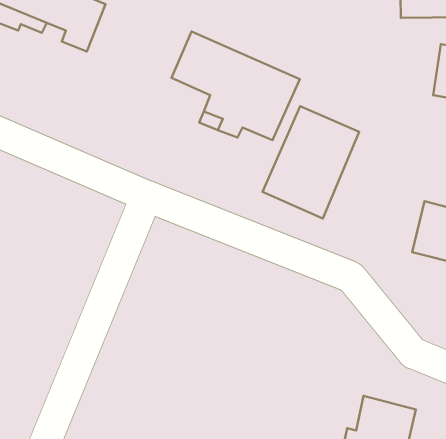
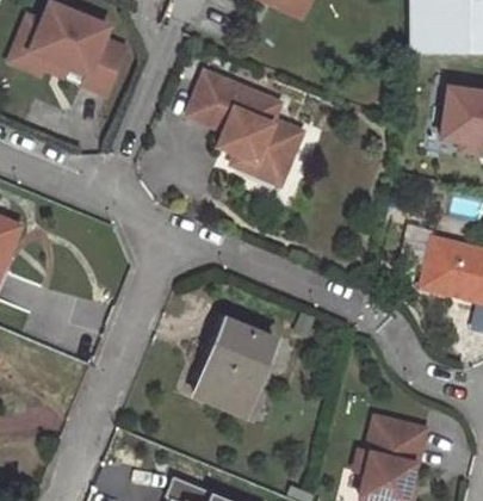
building: [263,106,359,219] -> none
building: none -> [194,324,273,414]

